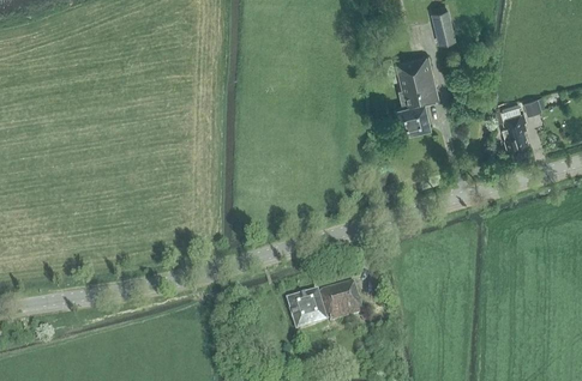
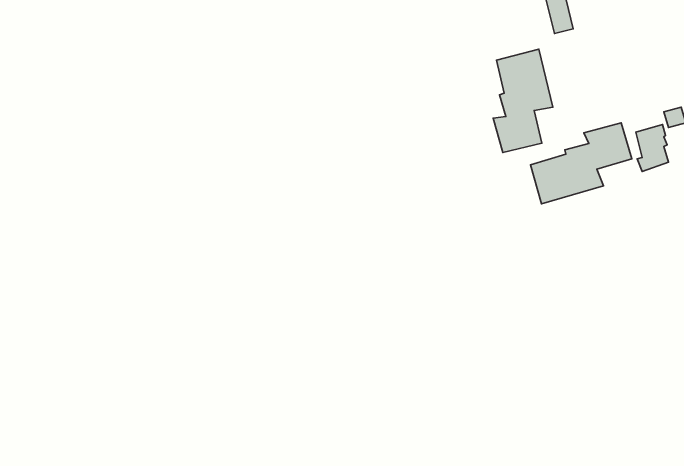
building: none -> [531,123,632,204]
building: [286,279,361,329] -> none

